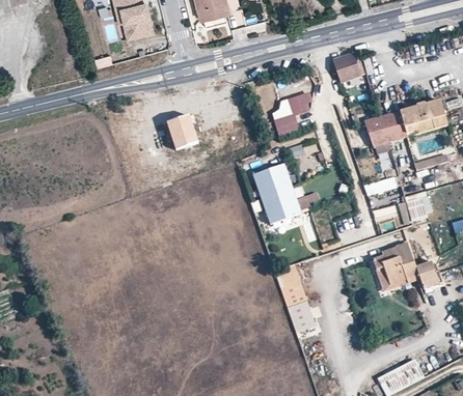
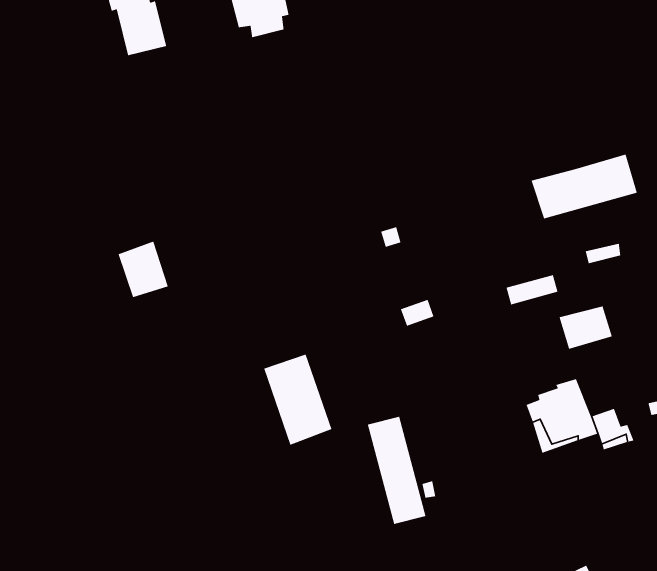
building: [334,53,360,81] -> none
building: [274,92,312,138] -> none
building: [166,113,198,149] -> [118,241,169,298]
building: [364,116,388,145] -> none
building: [254,165,298,223] -> [263,353,333,446]

